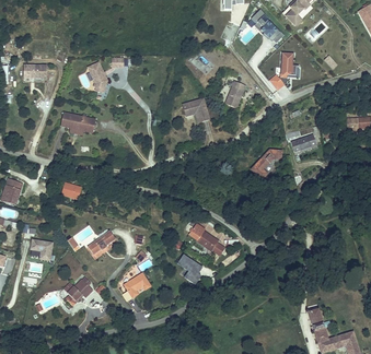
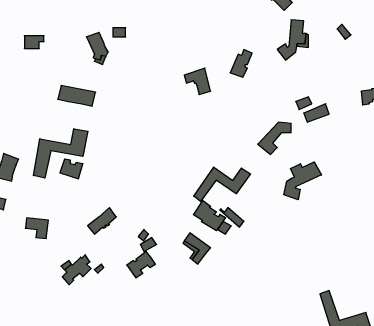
building: none -> [33,129,88,178]
building: none -> [284,162,322,200]
building: none -> [194,167,250,202]

